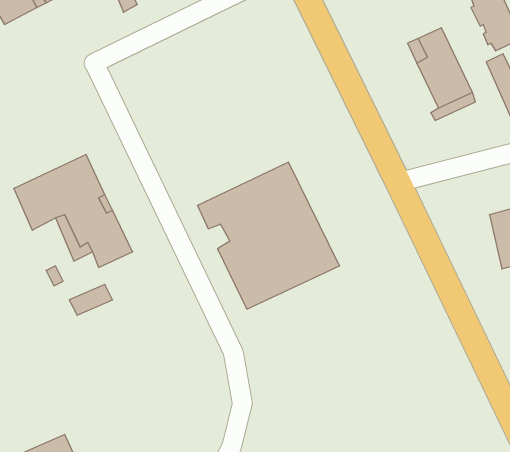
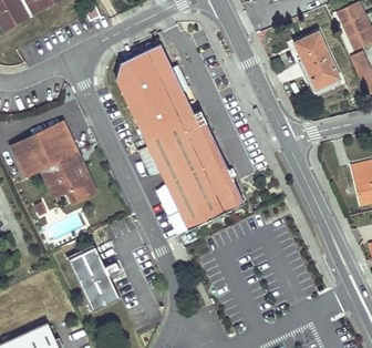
building: none -> [116,43,208,158]
building: none -> [69,247,118,310]

